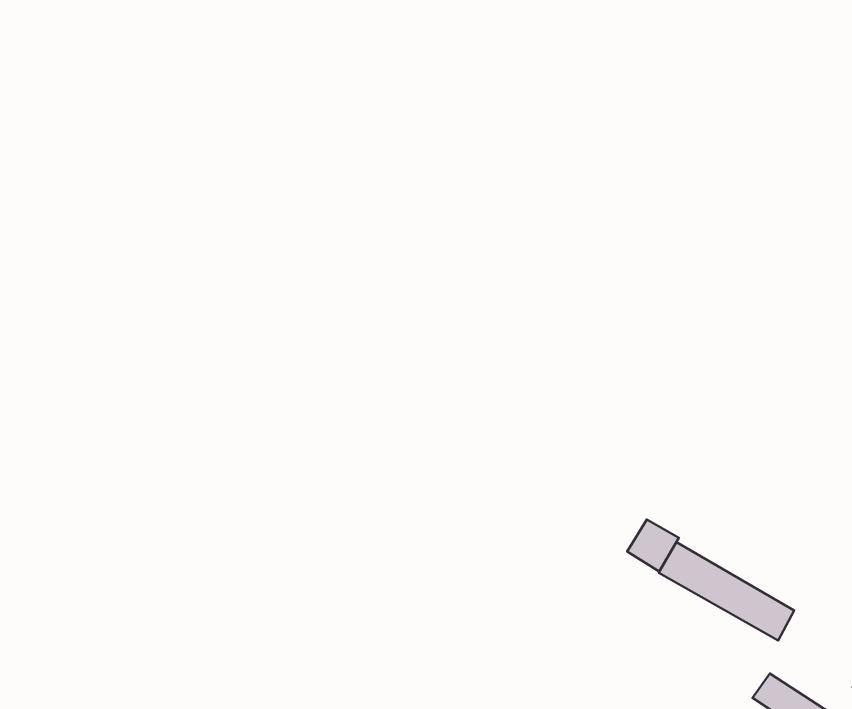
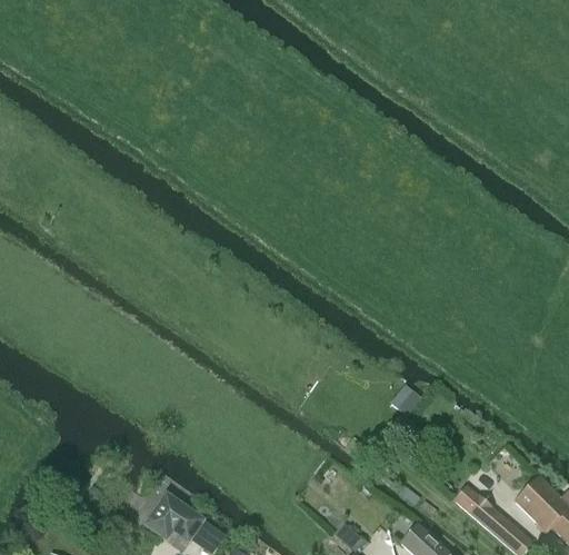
building: [659,542,794,641] -> none

